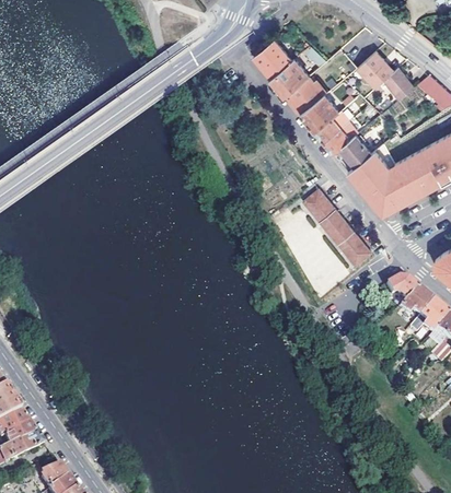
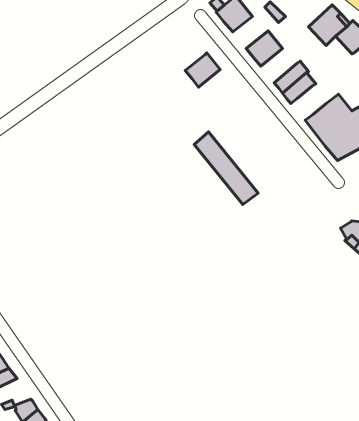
building: [273,59,310,95] -> [185,53,220,87]
building: [302,94,340,131] -> none
building: [340,134,371,165] -> none
building: [304,188,372,265] -> [194,132,258,205]

